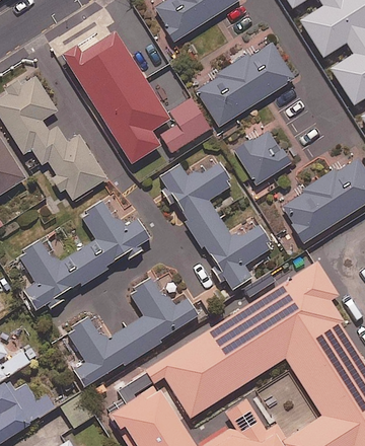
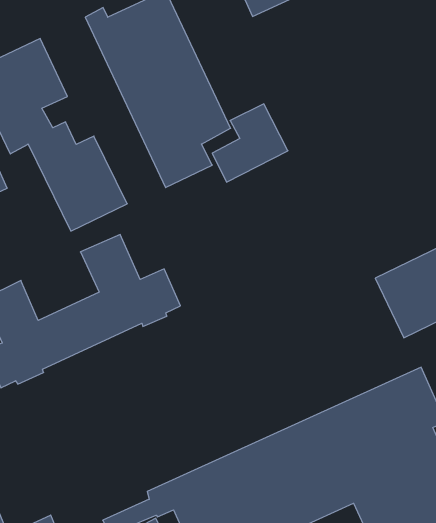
building: [195,40,294,125] -> none
building: [233,127,289,183] -> none
building: [159,157,273,289] -> none
building: [67,275,198,385] -> none

